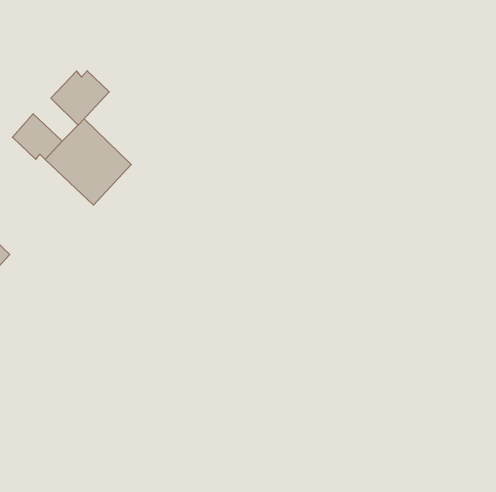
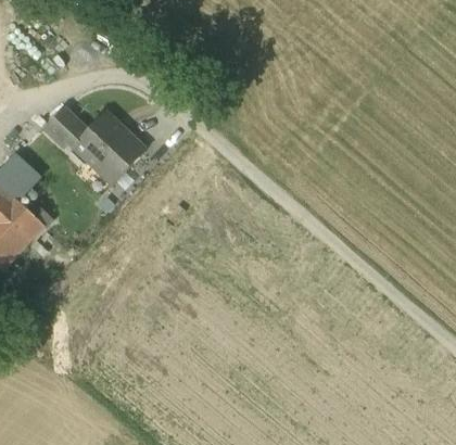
building: [51,71,109,125] -> none

